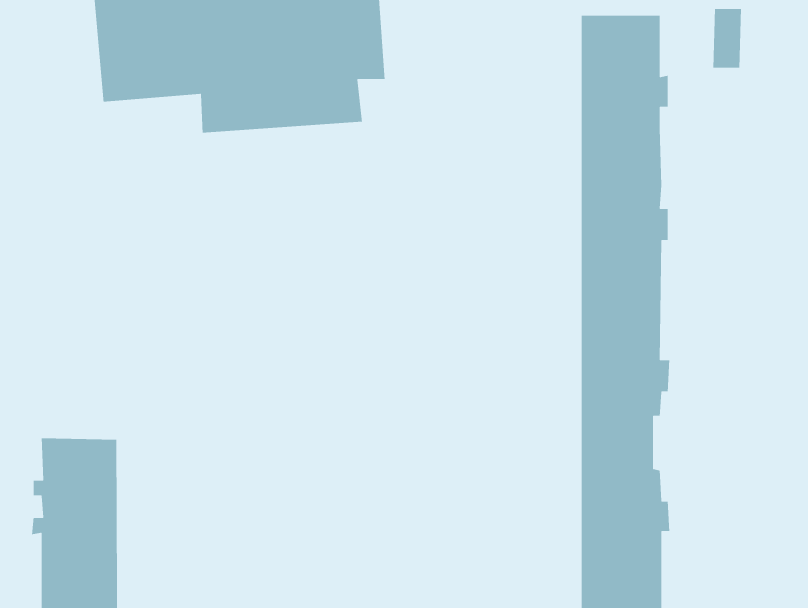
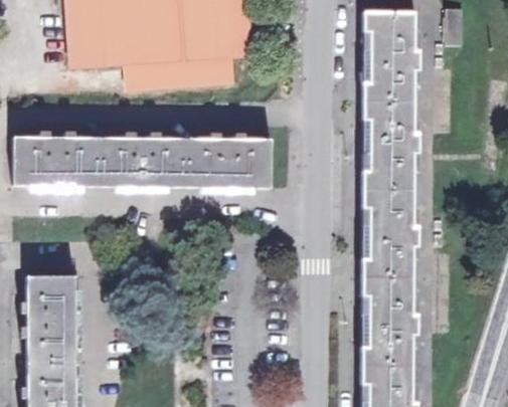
building: none -> [15,131,270,186]

